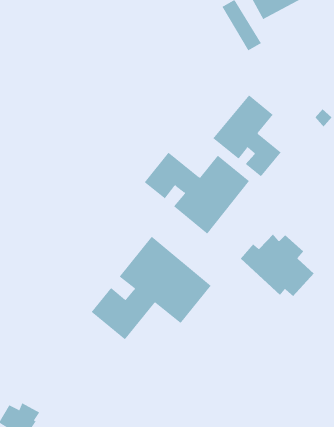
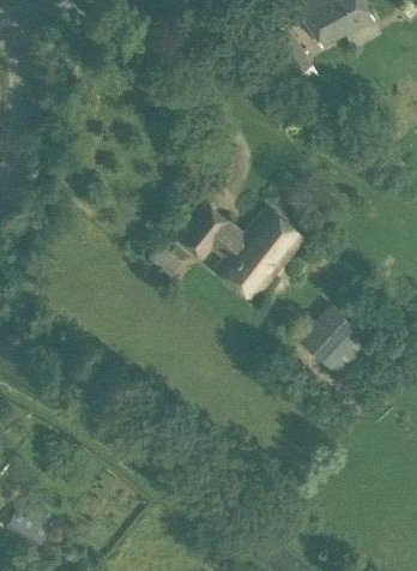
building: [212,95,282,177] -> none
building: [91,236,211,340] -> none

